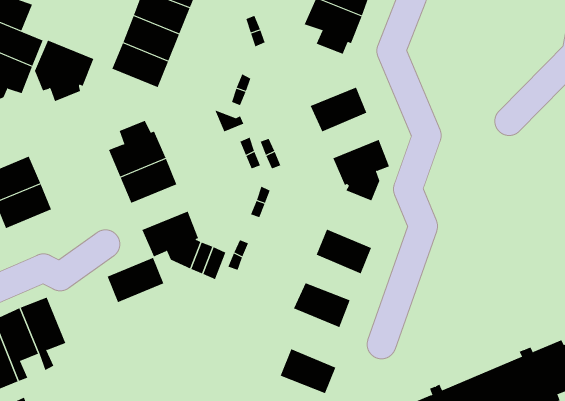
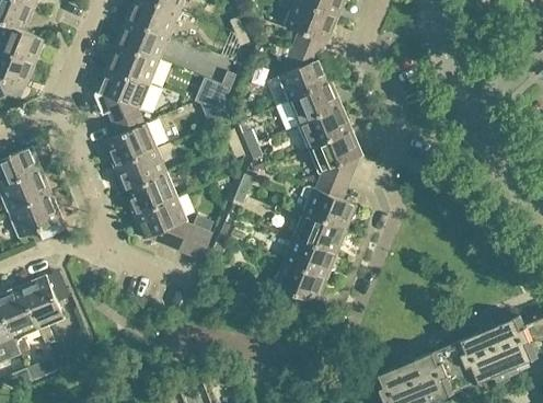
building: [34,40,94,102] -> [95,68,150,125]
building: none -> [279,45,332,102]
building: none -> [300,108,353,150]
building: none -> [301,180,357,232]
building: none -> [10,197,62,239]
building: [107,257,164,303] -> [125,174,177,216]
building: [280,348,336,394] -> [285,239,336,280]

